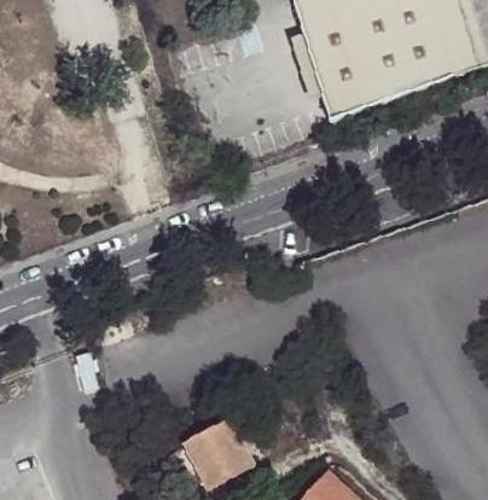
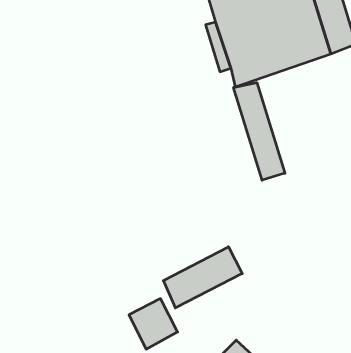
building: none -> [234,83,285,180]
building: none -> [163,247,242,308]

